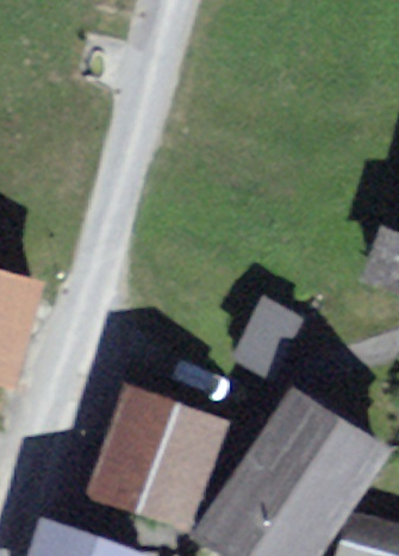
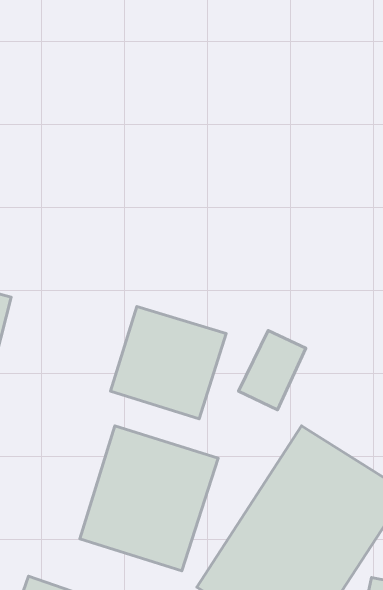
building: none -> [111,307,226,419]

